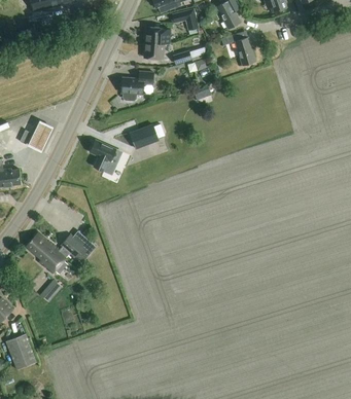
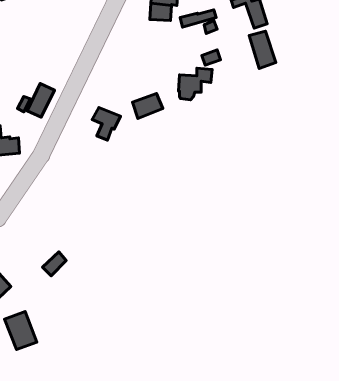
building: none -> [249,31,276,69]
building: [121,71,153,101] -> [178,68,212,100]
building: [26,232,97,273] -> none

